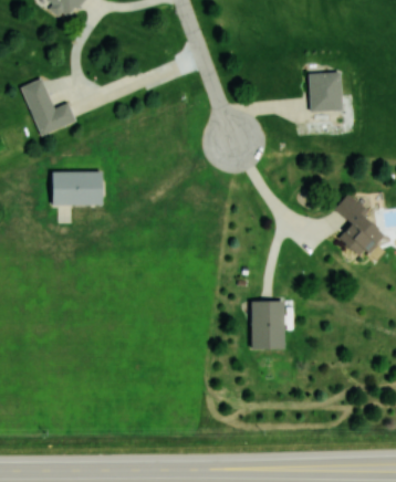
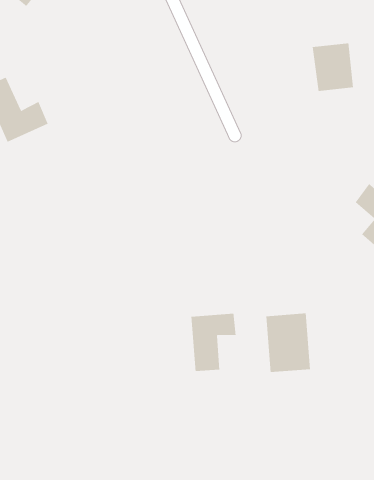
building: [52,171,102,205] -> none
building: none -> [191,313,236,372]

